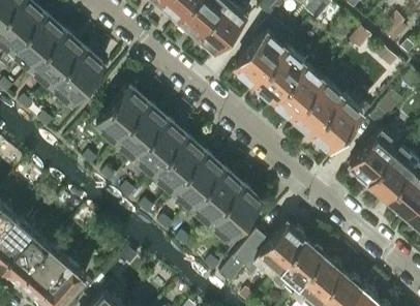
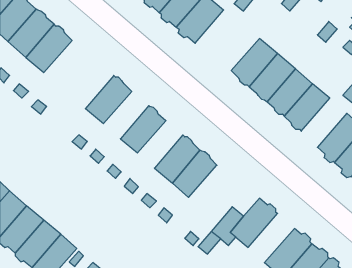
building: [237,17,295,82] -> none
building: [51,49,102,101] -> none
building: [116,104,166,156] -> none
building: [153,136,203,188] -> none
building: [209,185,260,237] -> none
building: [274,238,325,292] -> none

